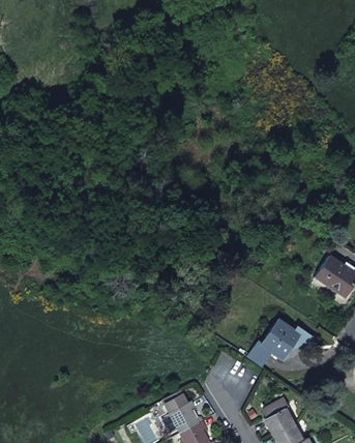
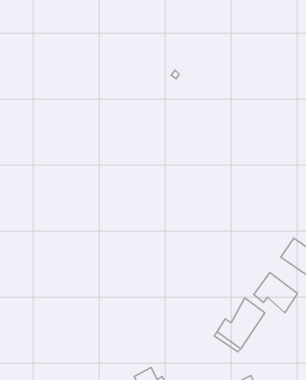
building: none -> [254,272,298,313]

